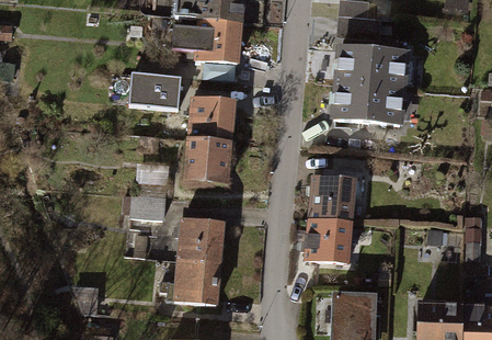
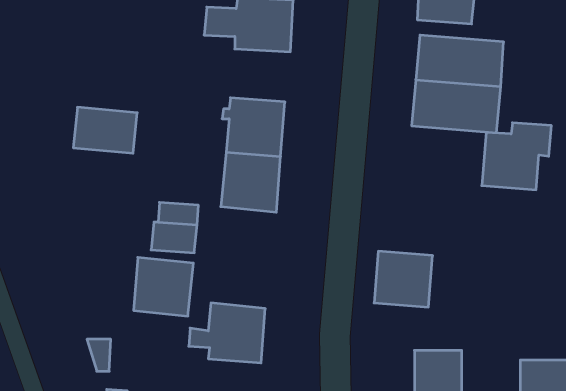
building: [131,73,182,110] -> [73,107,137,153]
building: [308,169,363,222] -> [482,123,551,190]
building: [176,217,224,263] -> [134,257,193,316]

